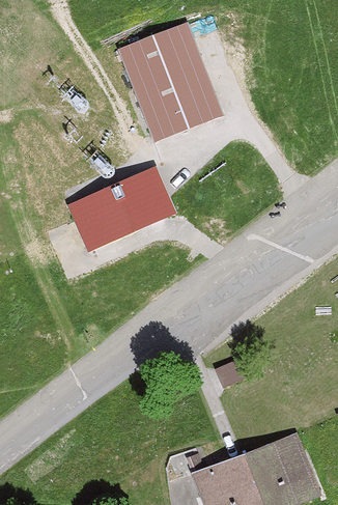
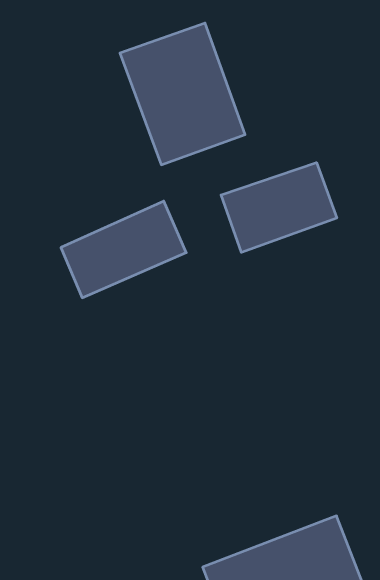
building: none -> [221,163,337,252]

